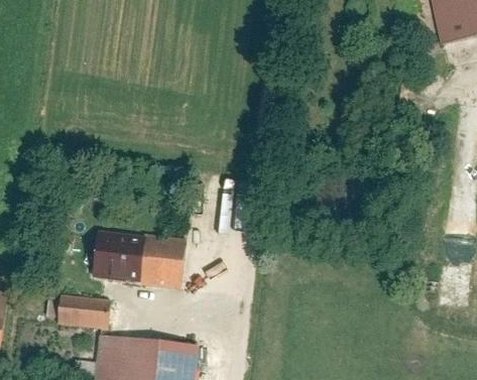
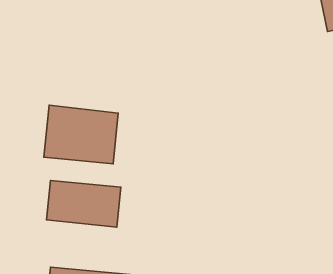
building: none -> [44,105,118,164]
building: [56,293,112,329] -> none

